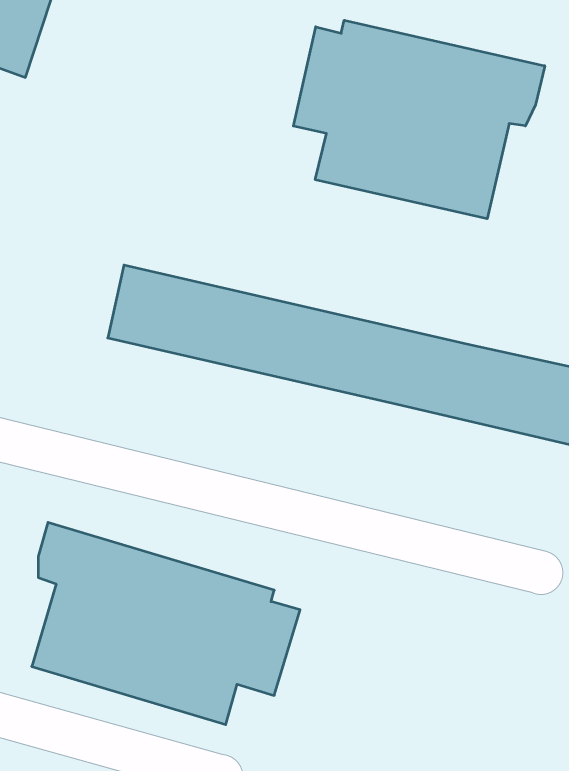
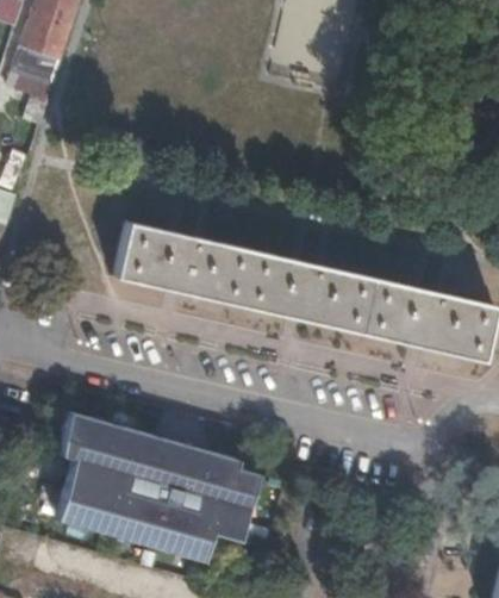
building: [293,20,545,219] -> none

